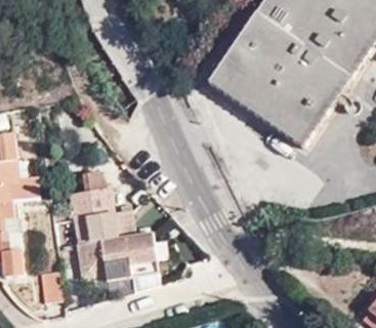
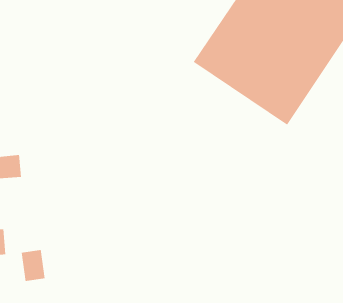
building: [69,169,157,279] -> none

